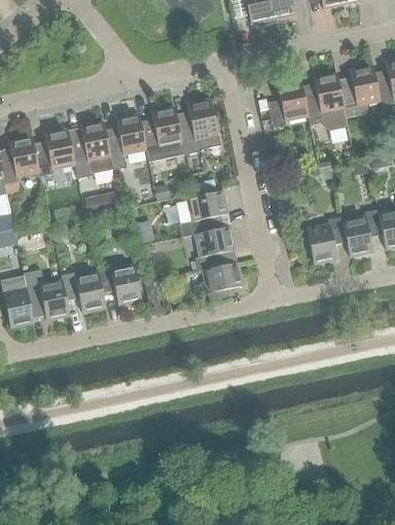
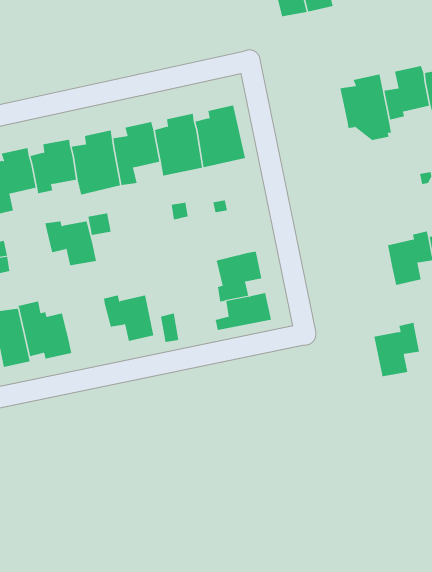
building: [267,79,308,127] -> none
building: [179,189,227,236] -> none
building: [307,215,347,262] -> [374,322,420,377]
building: [61,272,106,311] -> [44,221,97,266]

